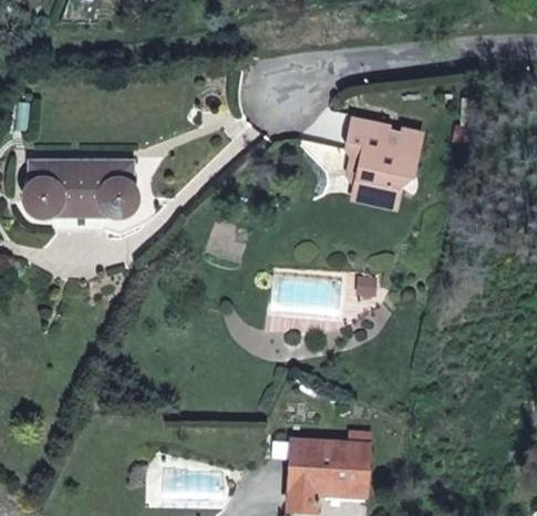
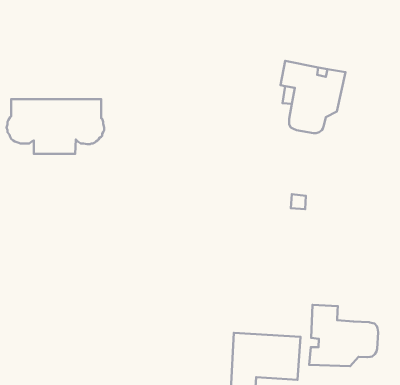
building: none -> [309,305,378,366]

